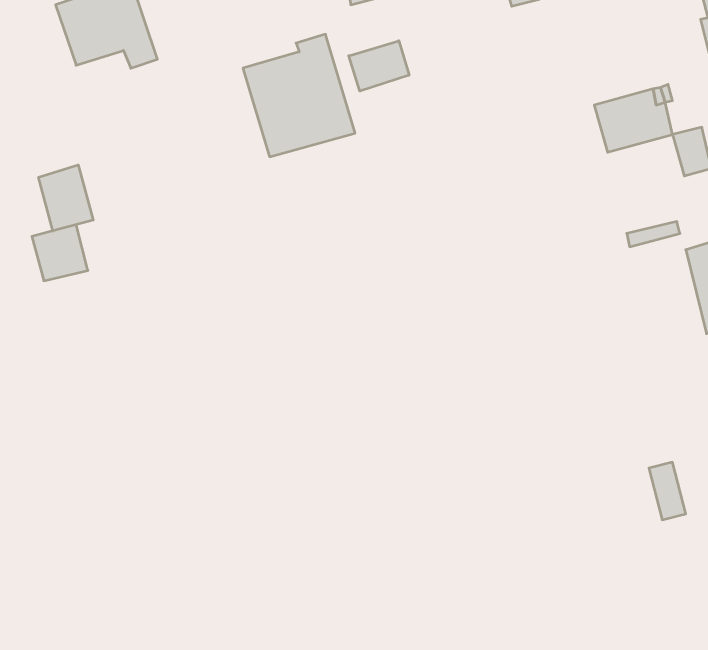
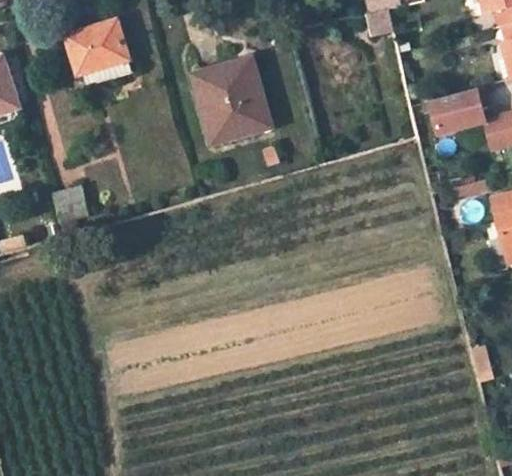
building: [349,41,409,91] -> none
building: [39,165,93,231] -> none

